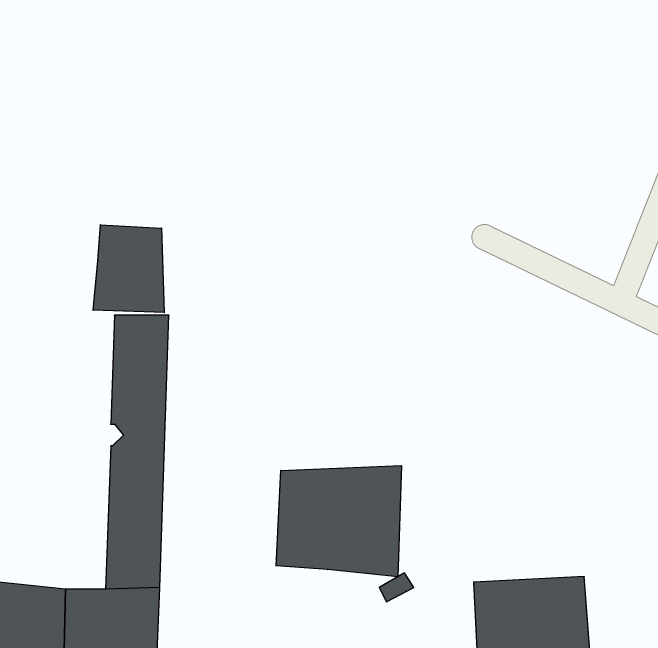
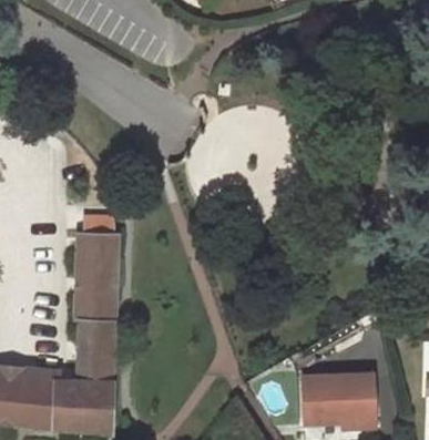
building: [93,225,164,313] -> none
building: [276,466,401,577] -> none

